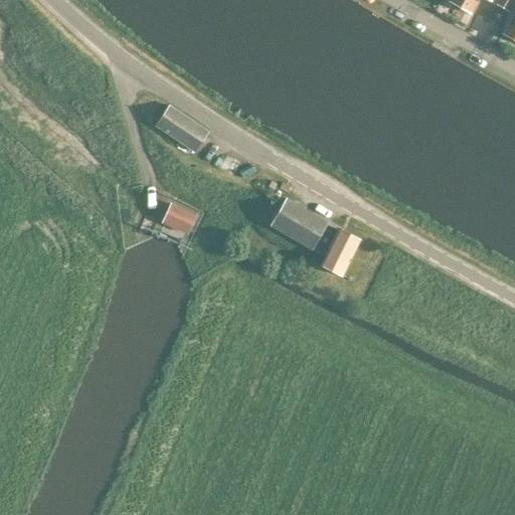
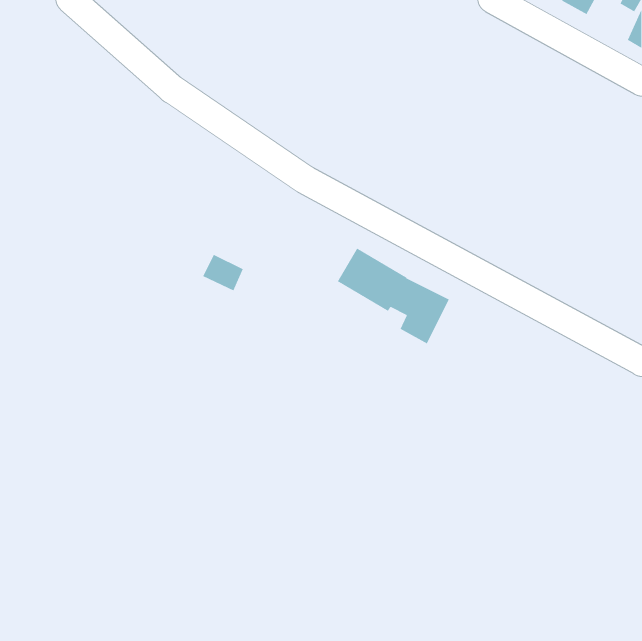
building: [155,105,208,151] -> none

